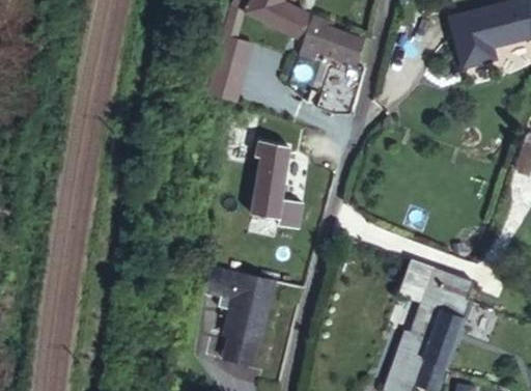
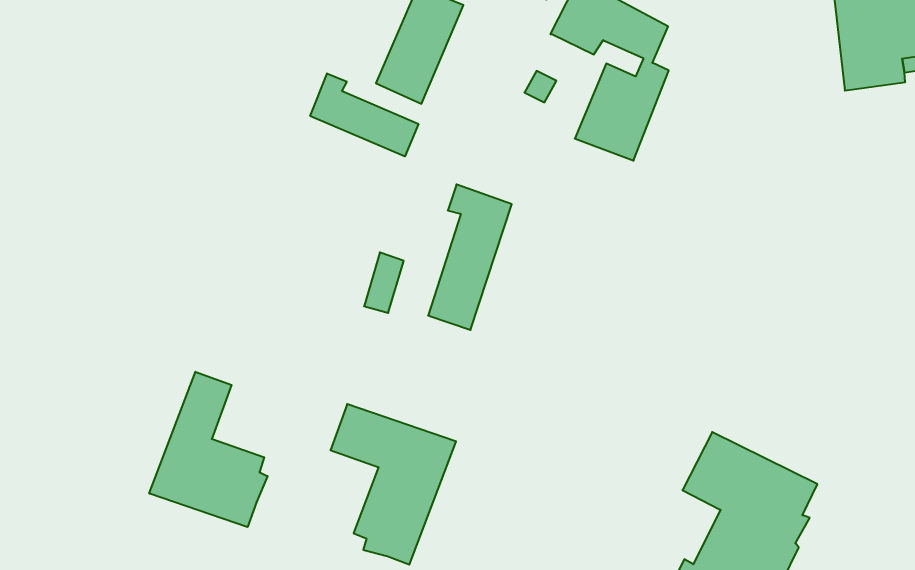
building: none -> [310,73,418,156]
building: none -> [149,372,268,527]

